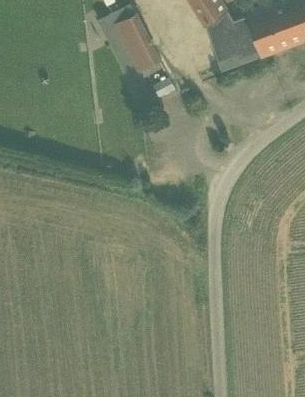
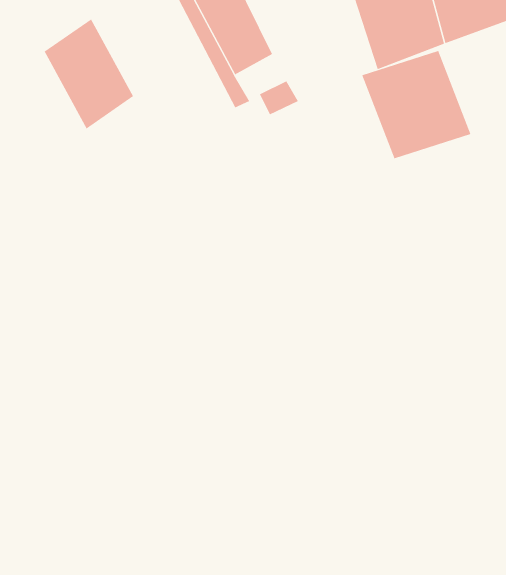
building: none -> [44,18,134,129]
building: none -> [362,50,471,159]

